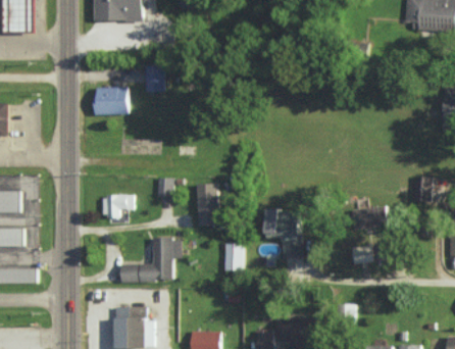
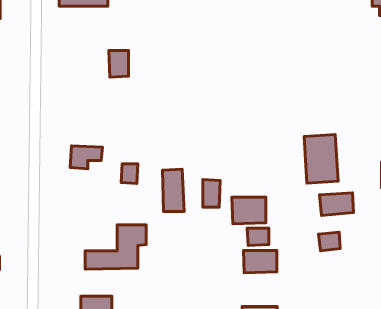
building: [94,87,128,114] -> none
building: none -> [304,135,338,183]
building: [101,195,133,217] -> [70,146,102,169]
building: [224,243,242,270] -> [203,179,220,207]
building: none -> [244,250,277,273]

